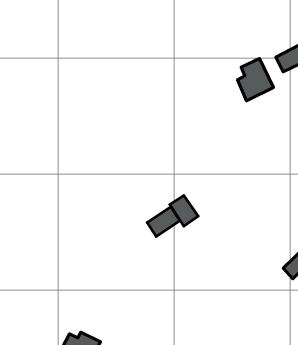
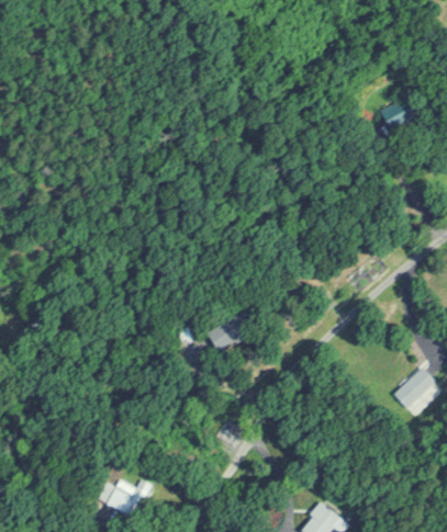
building: [237,58,274,101] -> none
building: [170,196,198,226] -> none

